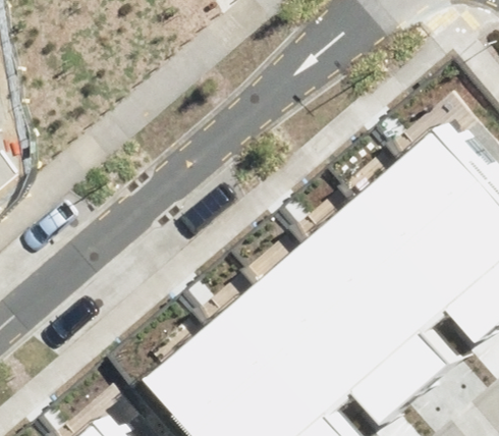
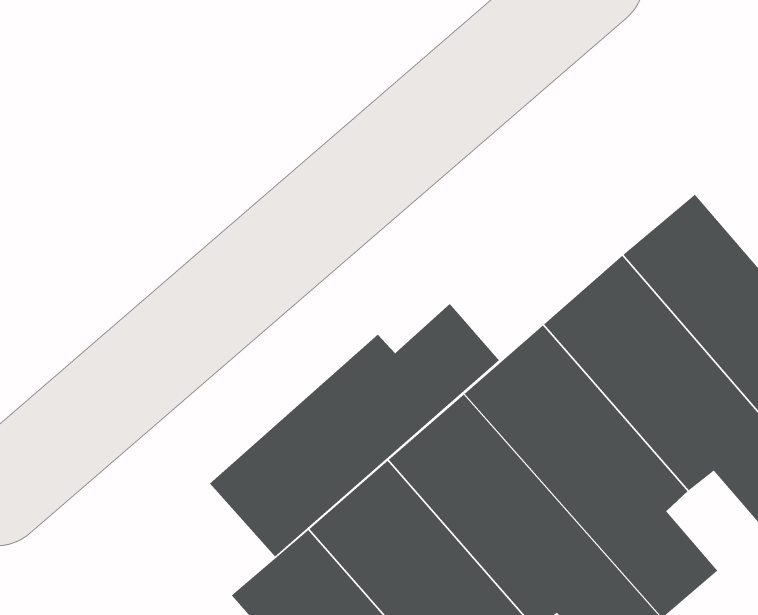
building: none -> [209,303,500,558]

